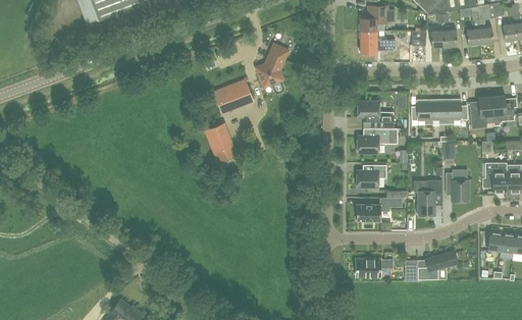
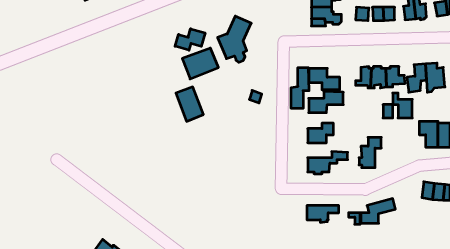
building: none -> [175,29,205,50]
building: none -> [291,68,309,108]
building: [445,172,467,201] -> [393,93,412,118]

